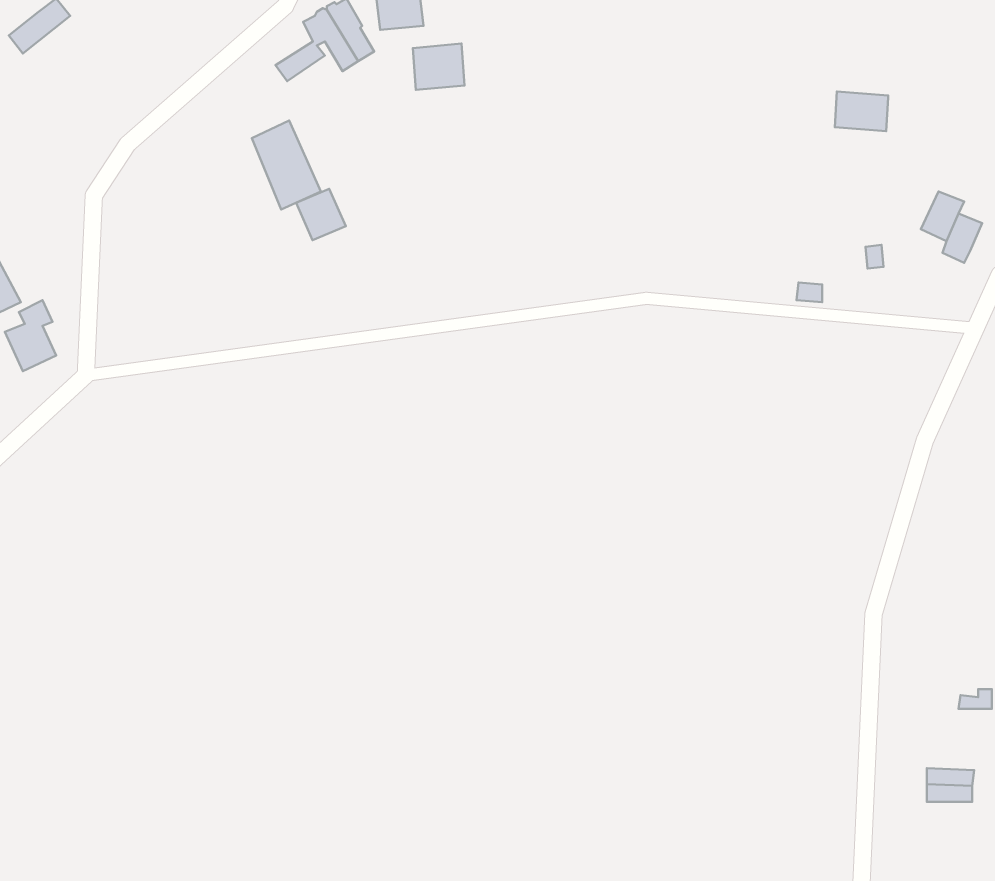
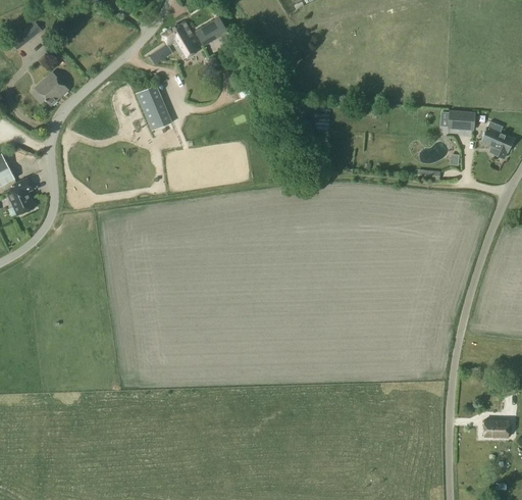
building: [413,44,464,90] -> none
building: [835,92,888,131] -> [447,110,474,131]
building: none -> [35,71,67,105]
building: [296,189,346,240] -> none

